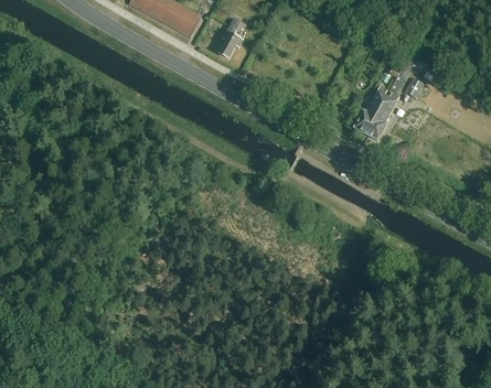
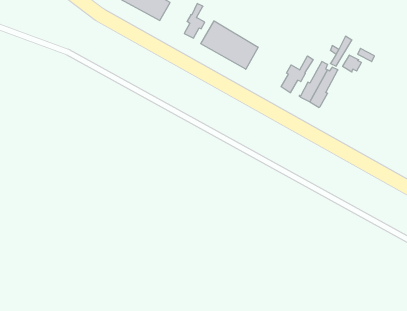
building: none -> [201,21,258,69]
building: none -> [281,56,313,93]

